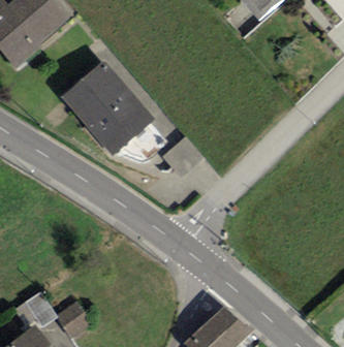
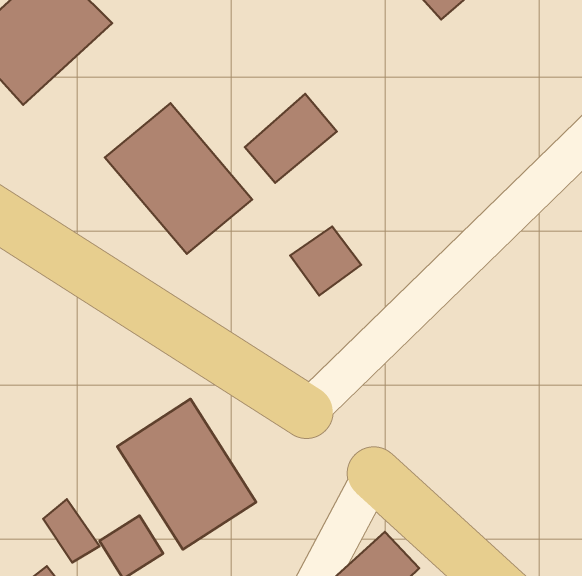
building: none -> [245,94,337,183]
building: none -> [117,399,256,550]

